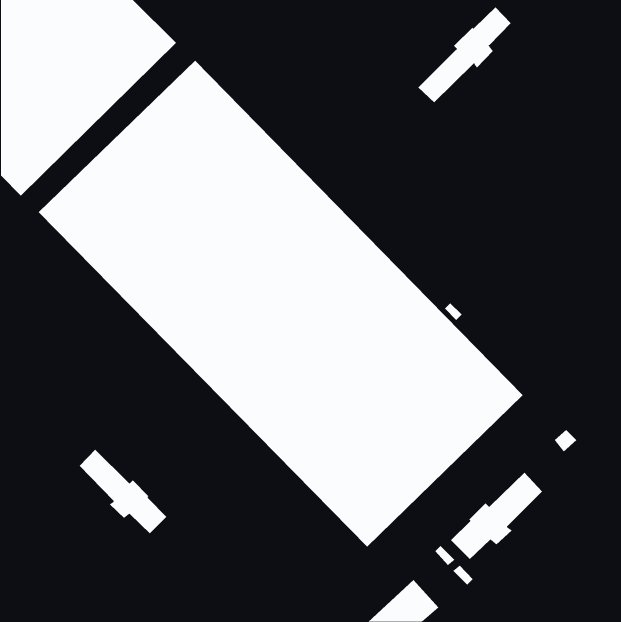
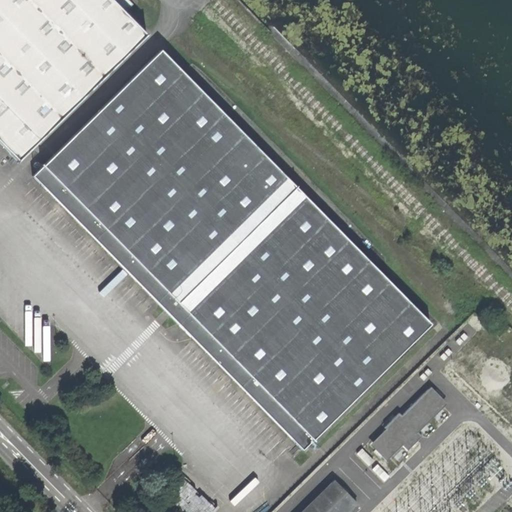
building: [418,6,512,103] -> none
building: [79,449,167,534] -> none

